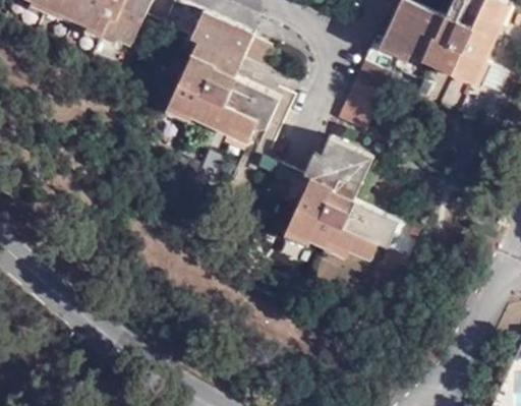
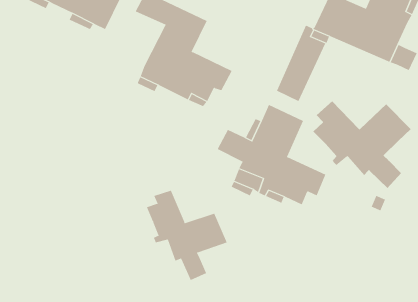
building: none -> [312,100,411,189]
building: none -> [146,190,228,281]

